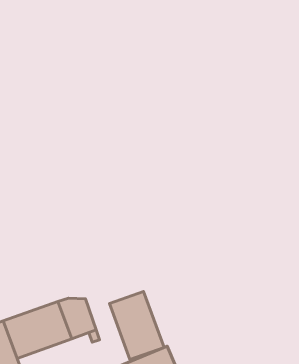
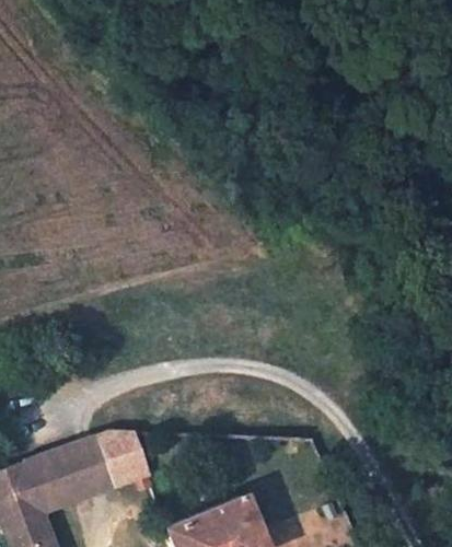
building: [109,291,164,359] -> none

